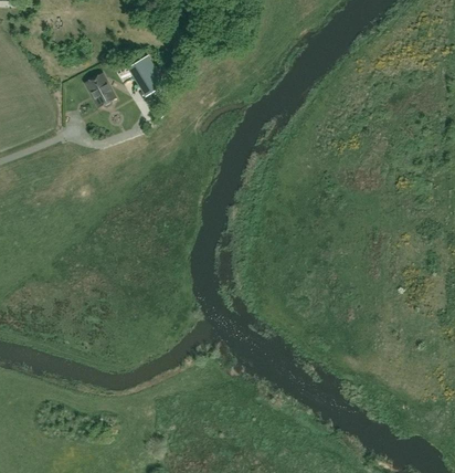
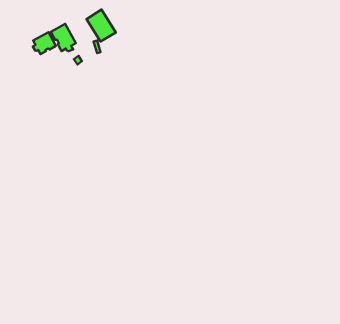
building: none -> [33,32,56,54]

